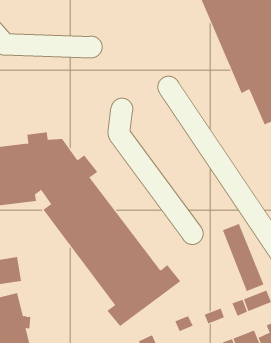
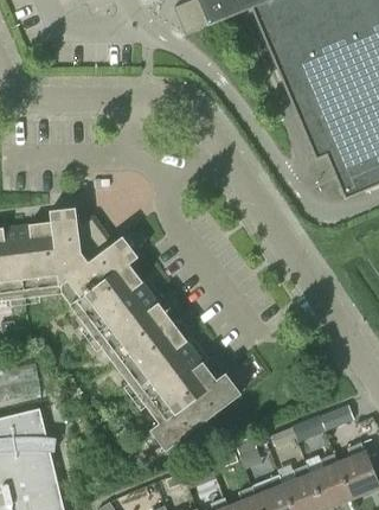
building: [222,223,264,292] -> none

